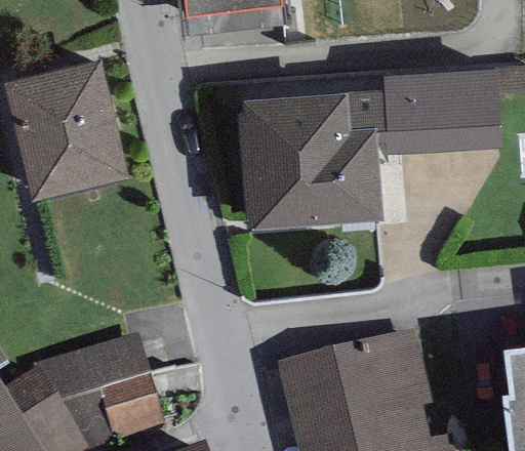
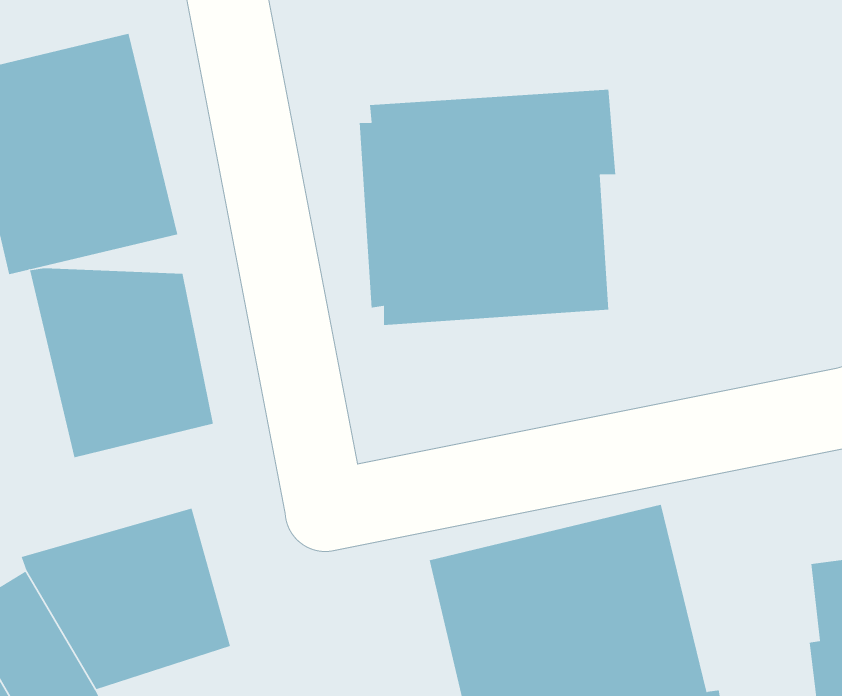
building: [382,70,502,154] -> none
building: none -> [29,268,214,458]

